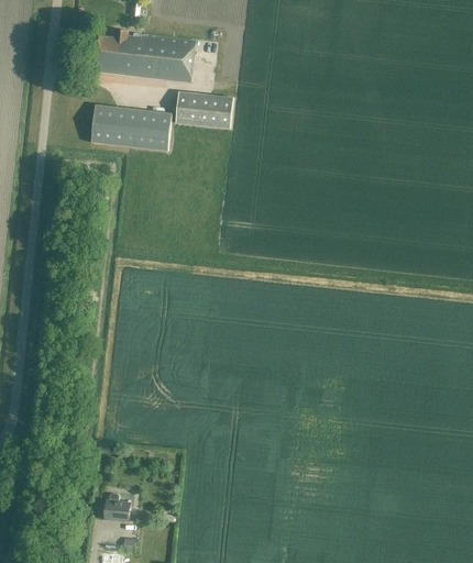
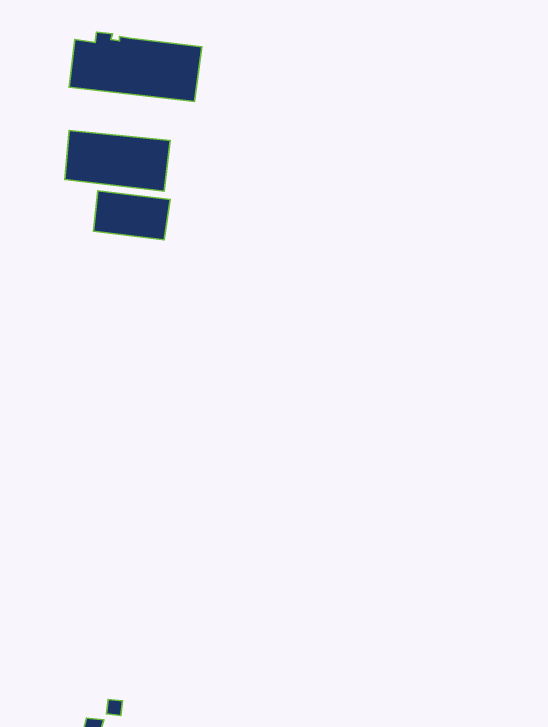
building: [174,90,232,128] -> [94,191,170,240]
building: [105,499,130,520] -> none

